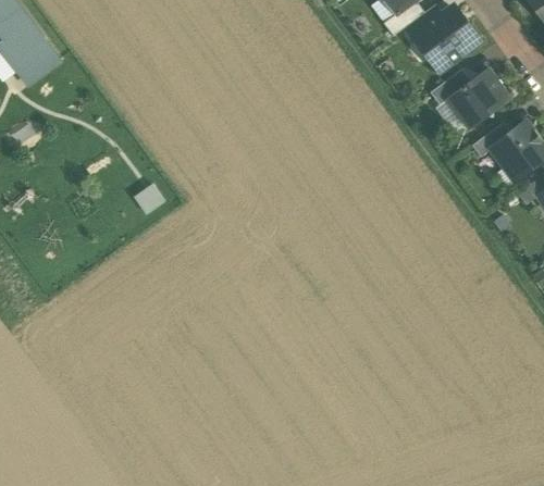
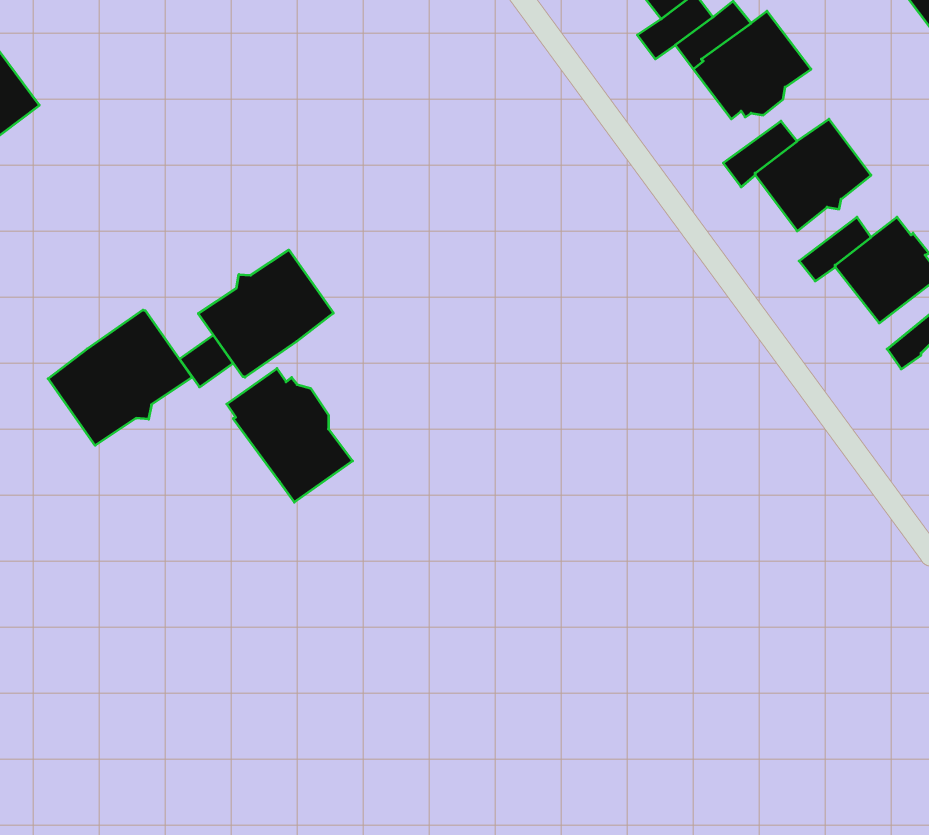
building: none -> [198,250,333,377]
building: none -> [48,310,192,445]
building: none -> [227,368,353,502]

